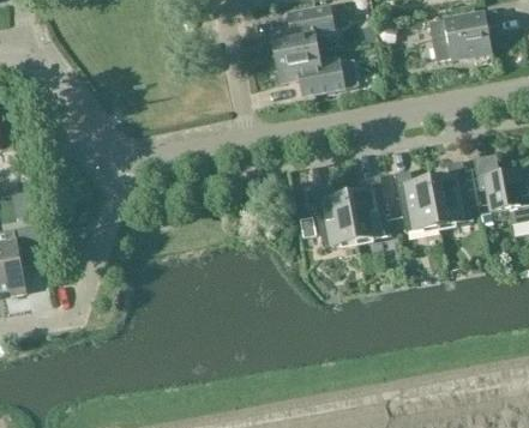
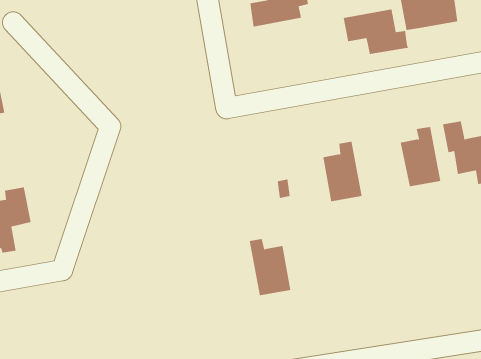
building: [275,47,344,95] -> [343,9,409,55]
building: [395,170,439,231] -> none
building: [312,186,356,246] -> [249,239,291,296]

